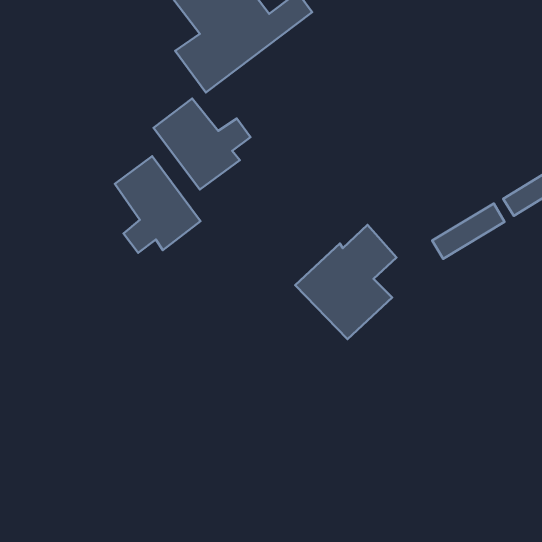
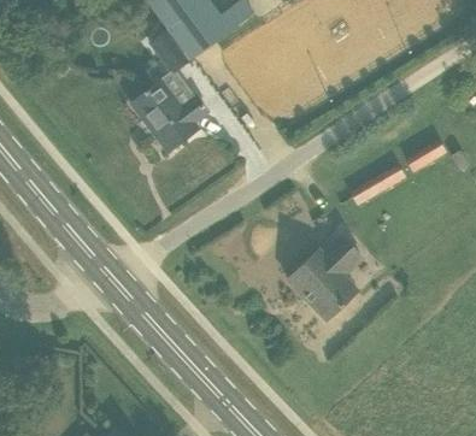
building: [115,156,201,253] -> none
building: [295,225,397,339] -> [284,231,364,320]

